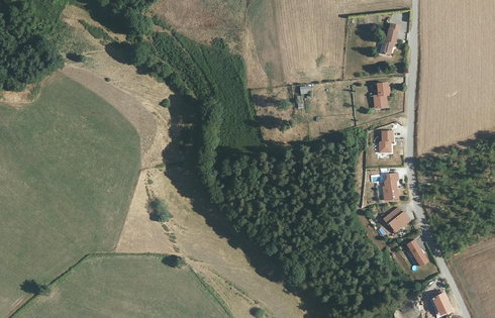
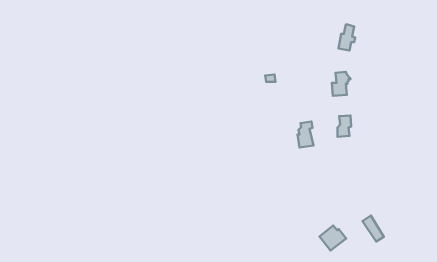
building: [382,173,399,201] -> [298,121,313,147]
building: [382,207,411,234] -> [319,225,346,251]

